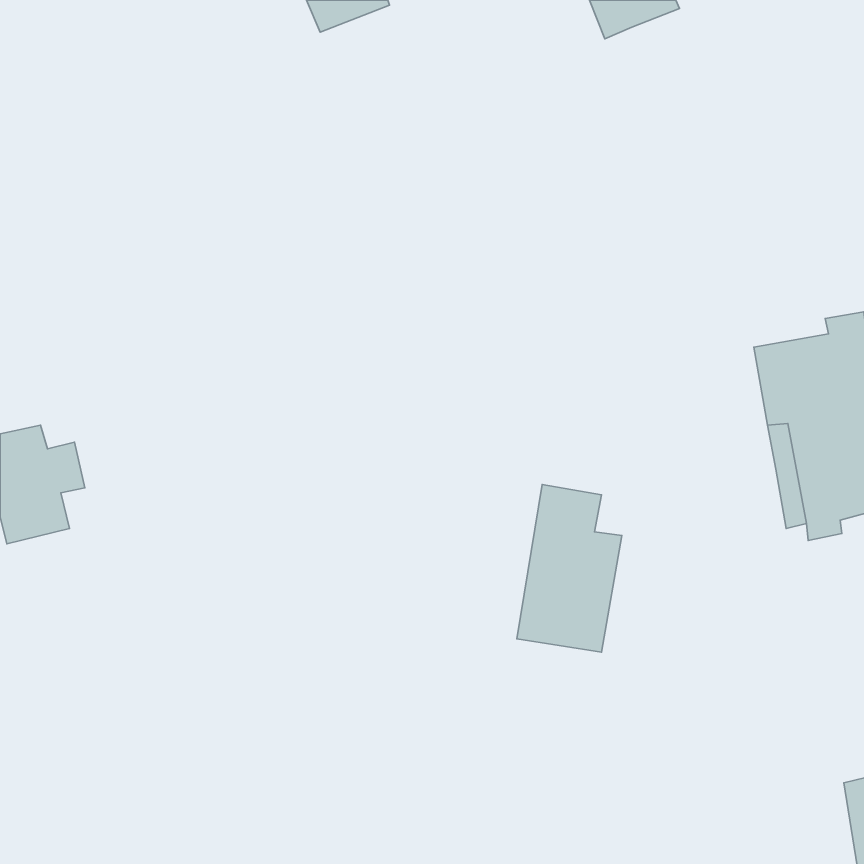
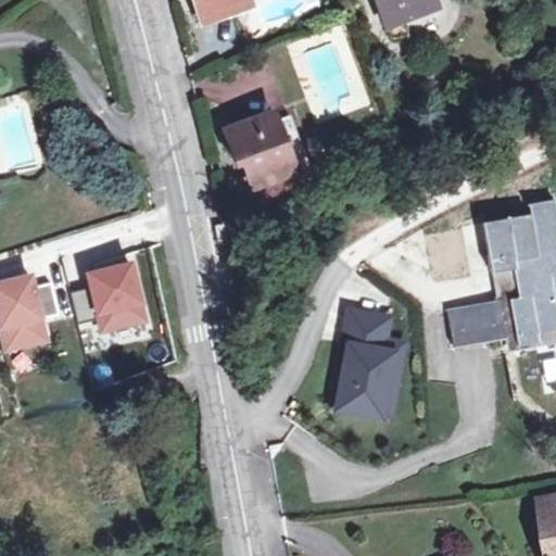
building: none -> [236,116,295,186]
building: none -> [87,260,142,329]
building: none -> [448,302,505,349]

